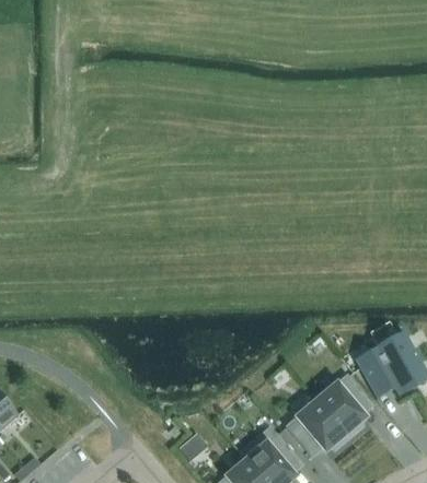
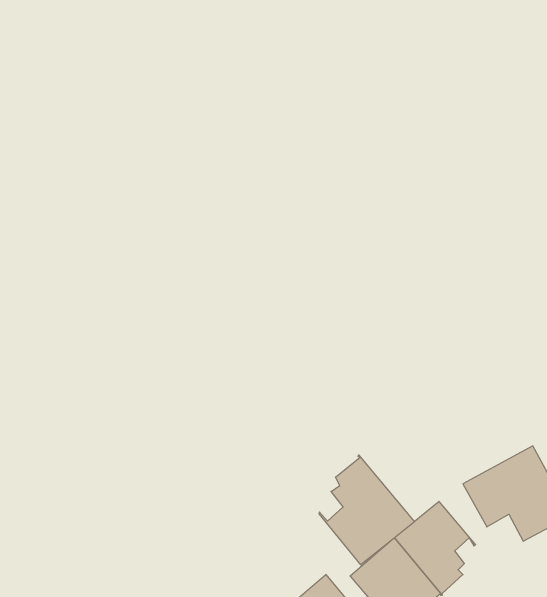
building: none -> [319,455,414,565]

